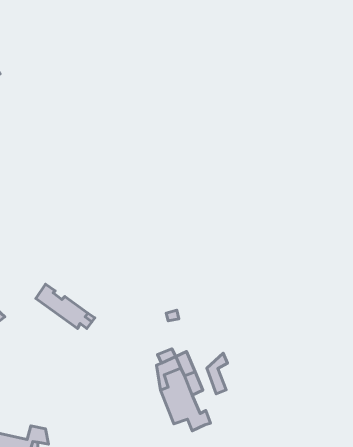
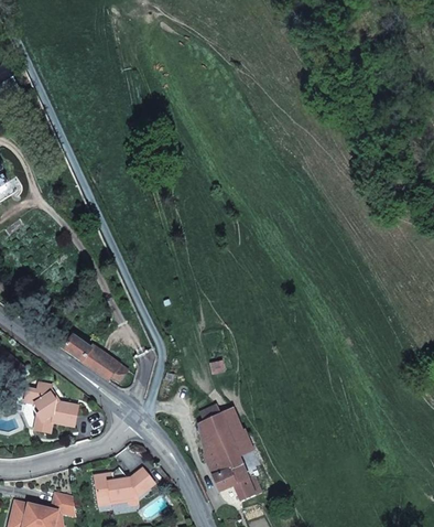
building: none -> [25,383,78,433]
building: [207,353,227,394] -> none
building: none -> [94,467,154,506]

